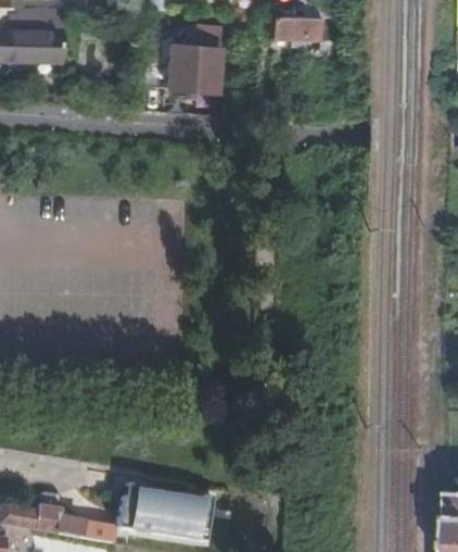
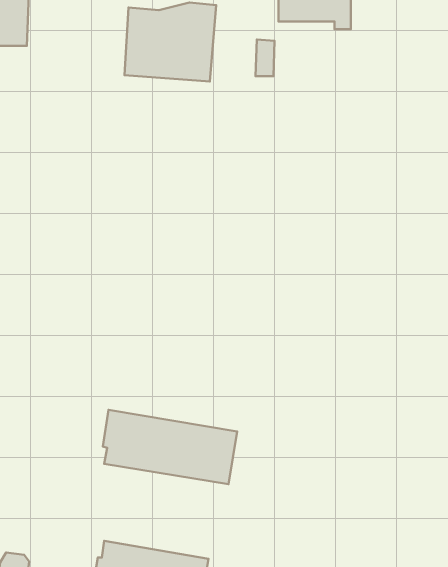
building: none -> [103,410,237,484]

